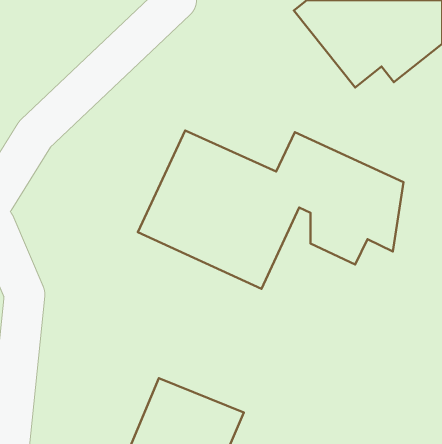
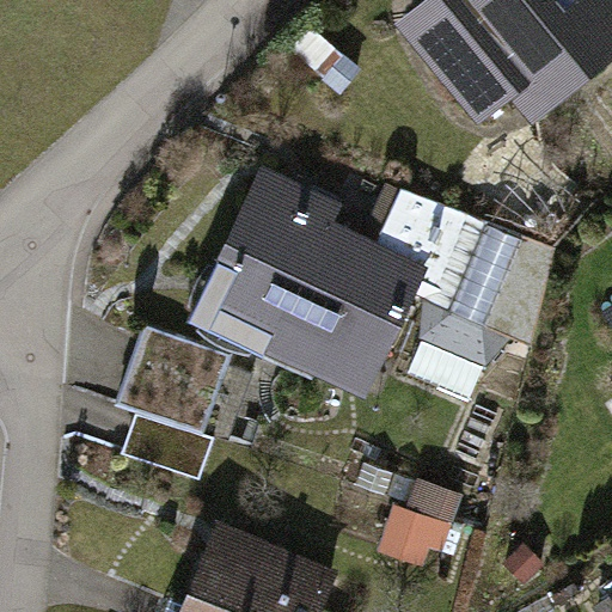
building: none -> [112,329,221,486]
building: none -> [379,477,460,567]

